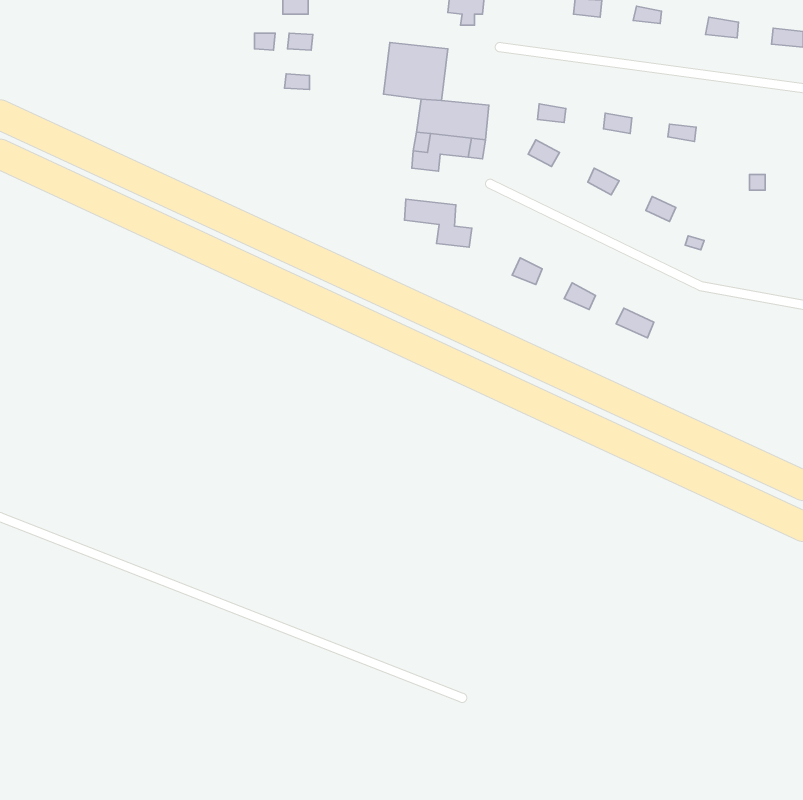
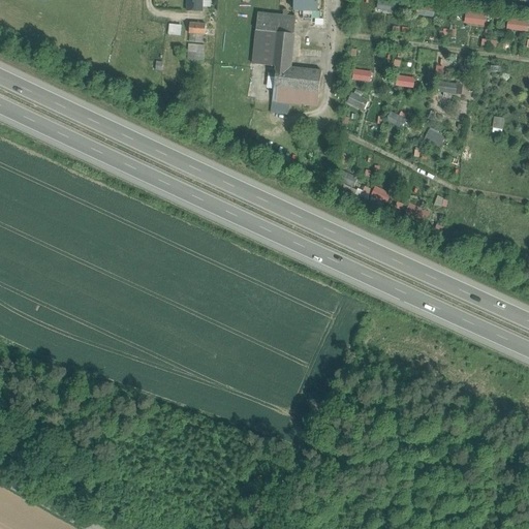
building: none -> [256,11,295,32]
building: [405,199,472,247] -> none

